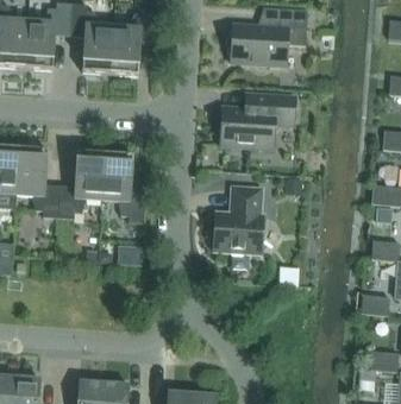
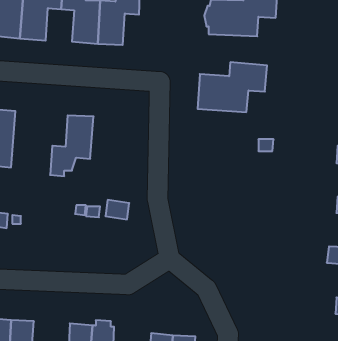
building: [15,147,59,217] -> none
building: [101,153,145,223] -> none
building: [213,185,263,254] -> none

